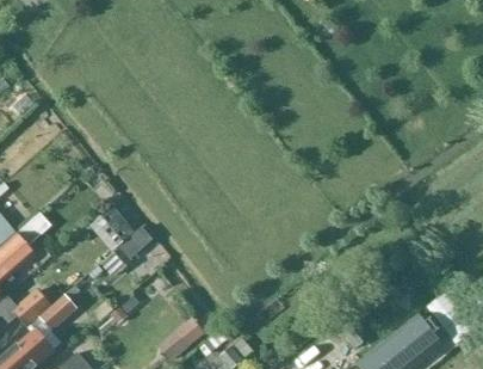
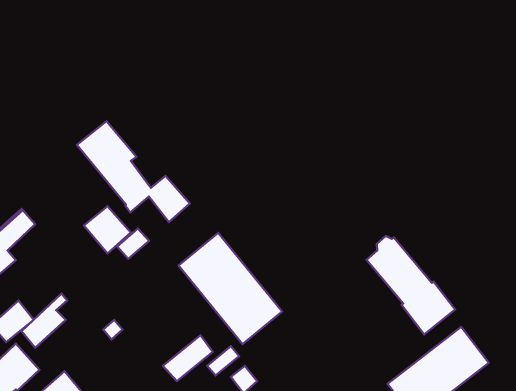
building: none -> [77,121,190,222]
building: none -> [178,233,282,344]
building: none -> [366,236,455,335]

